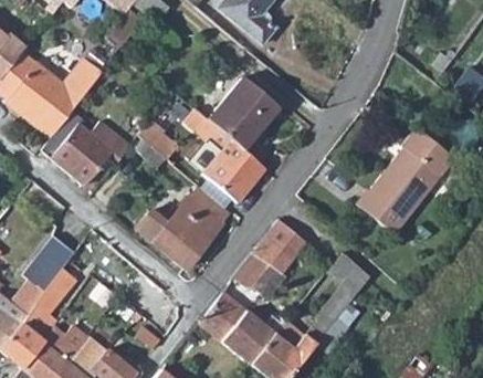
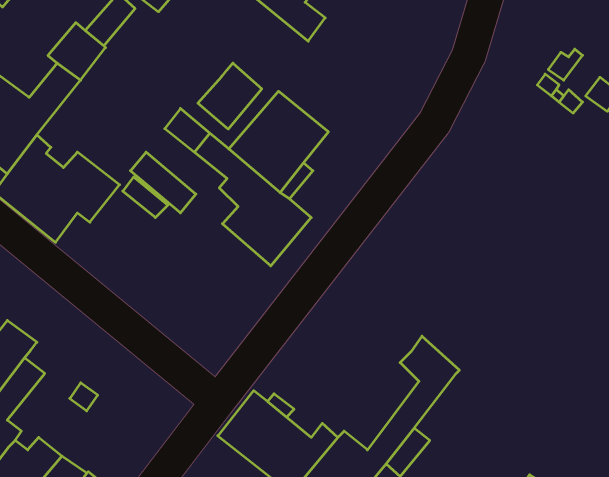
building: none -> [198,63,262,129]
building: [358,128,454,231] -> none
building: [135,185,230,270] -> none
building: [234,218,309,295] -> none

